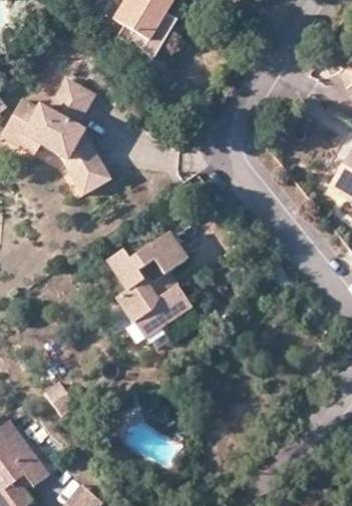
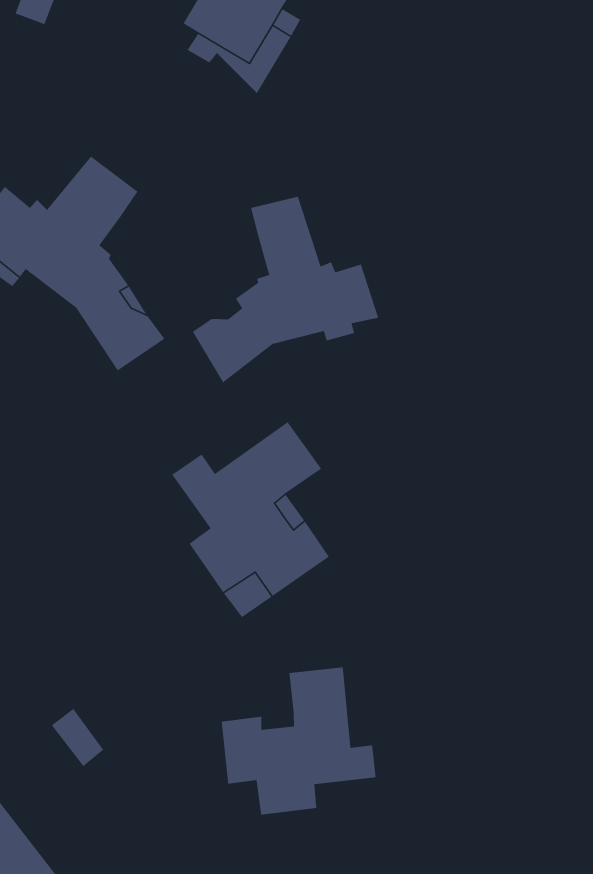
building: none -> [192,196,379,383]
building: none -> [221,667,377,816]

